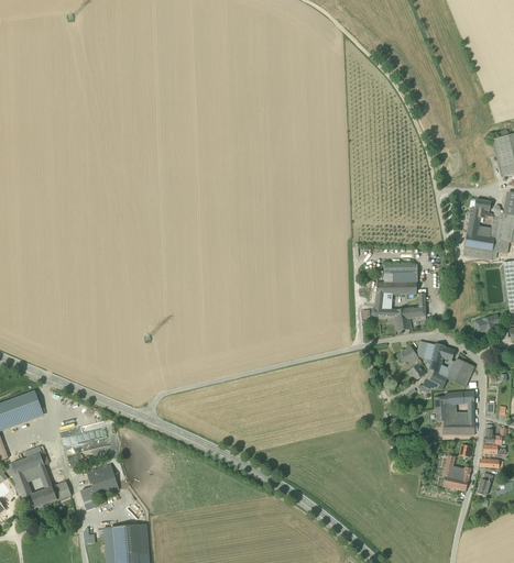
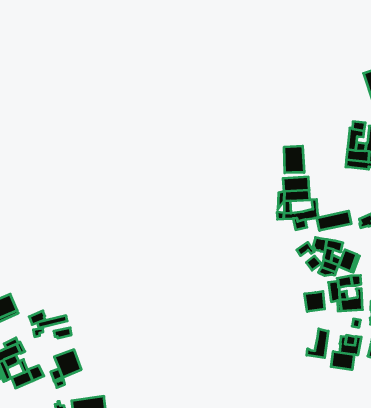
building: none -> [284,146,304,173]
building: none -> [317,211,351,231]
building: none -> [305,291,325,312]
building: none -> [307,329,328,358]
building: none -> [331,351,354,370]

